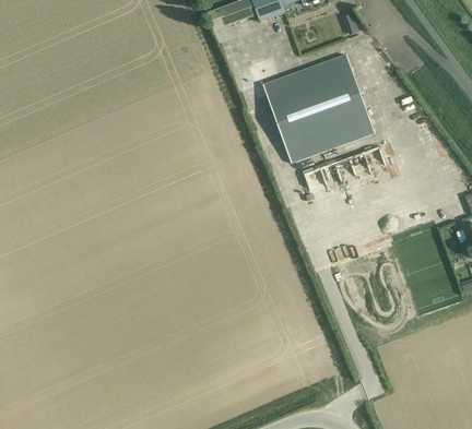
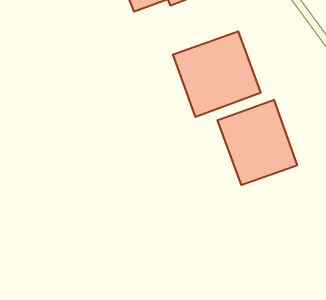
building: none -> [218,100,297,185]

